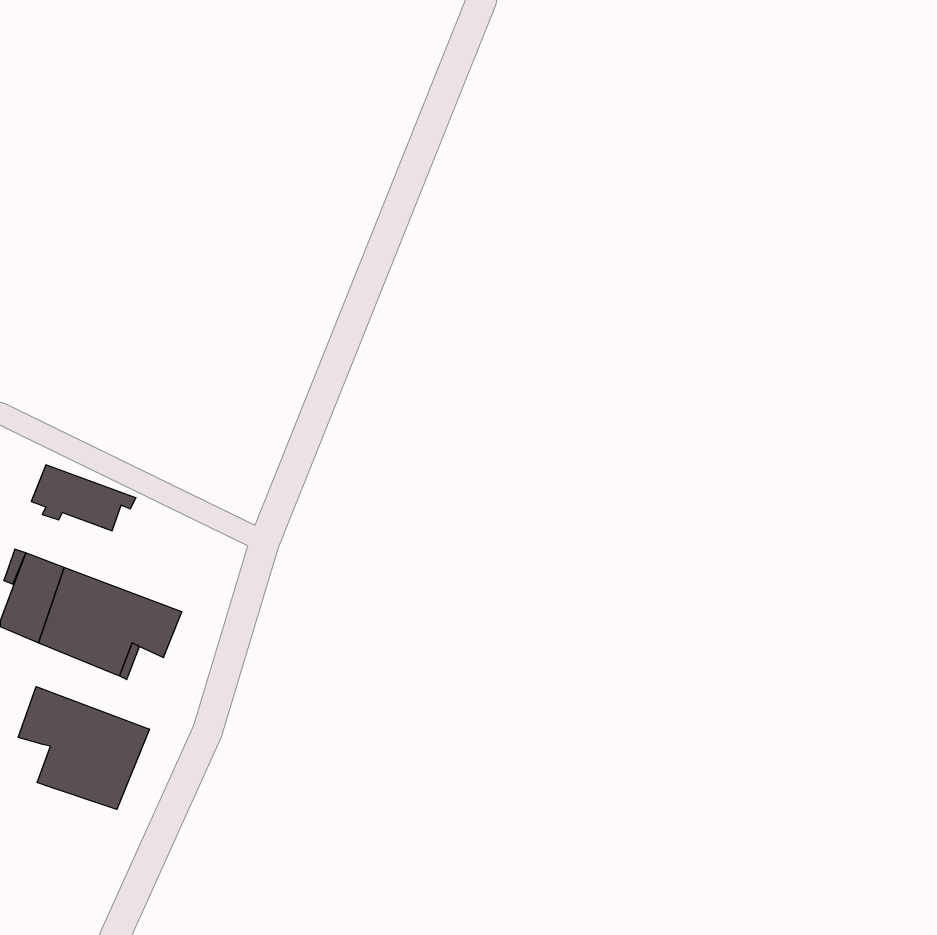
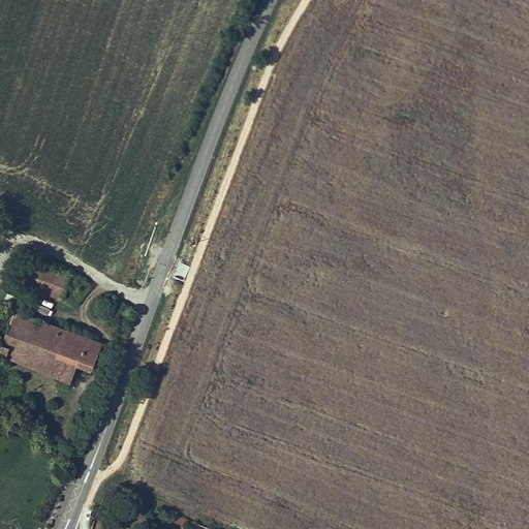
building: [18,687,149,809] -> none

